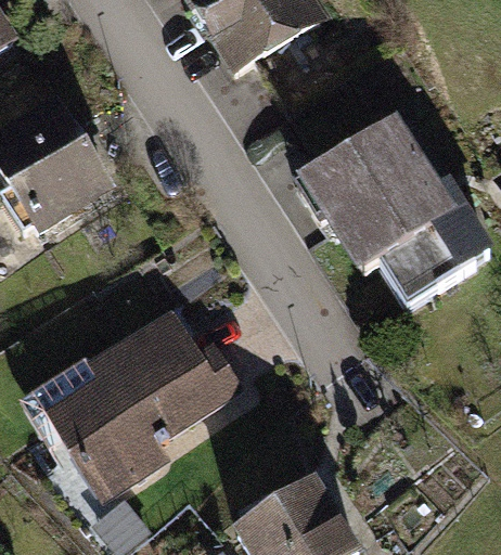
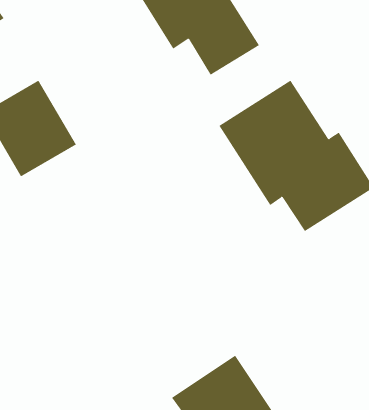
building: [48,309,245,500] -> none

